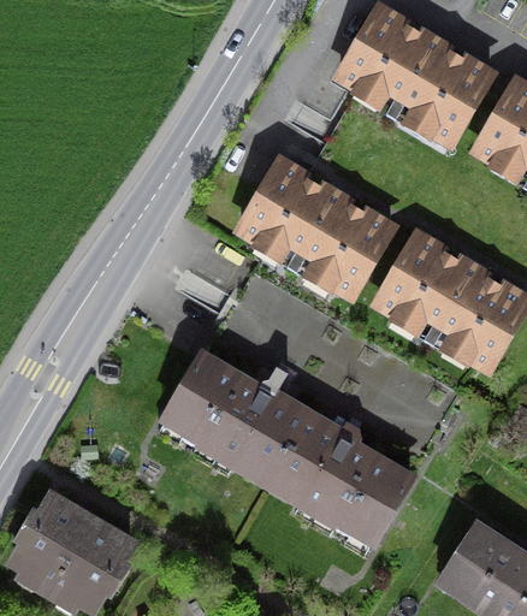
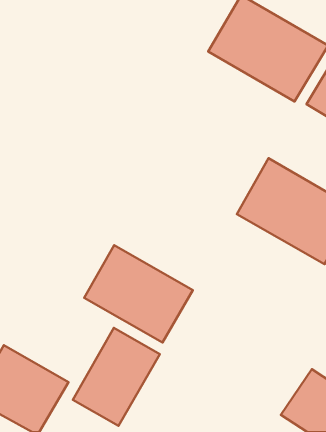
building: [233,154,398,301] -> none
building: [266,413,416,549] -> none
building: none -> [73,328,160,426]

